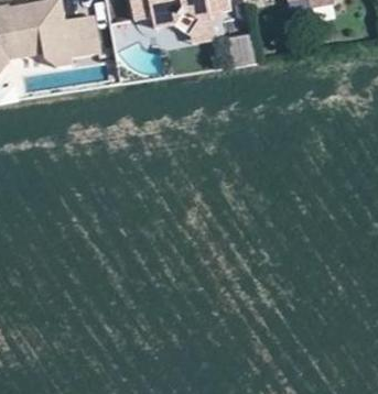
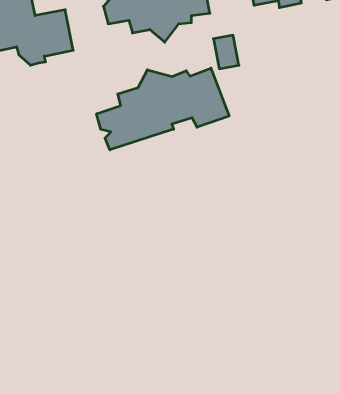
building: none -> [97,68,229,150]

